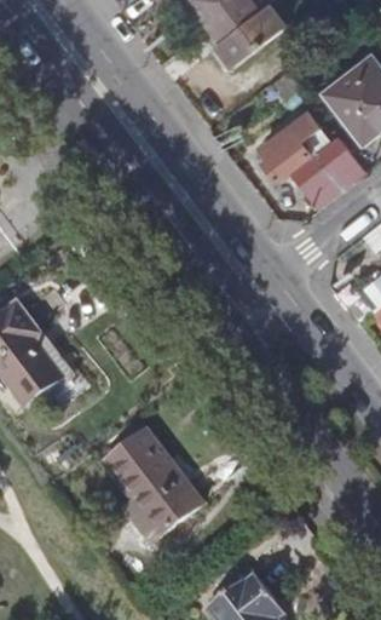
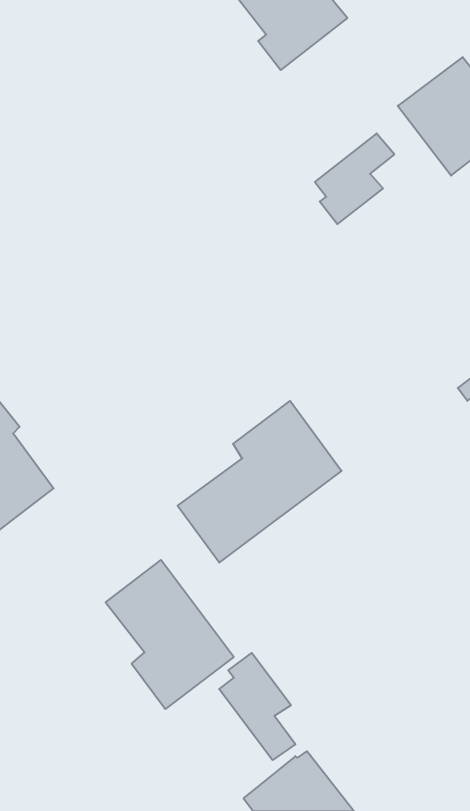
building: [291,138,365,207] -> none
building: none -> [178,401,342,563]
building: none -> [219,653,295,760]

